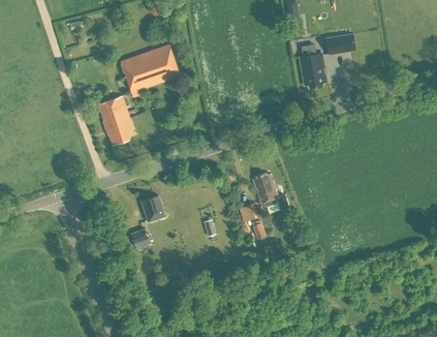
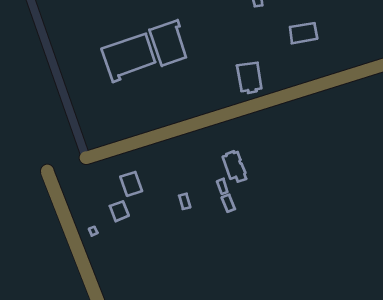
building: none -> [149,20,186,66]
building: [299,54,325,87] -> [237,63,261,93]
building: [96,95,133,145] -> none

